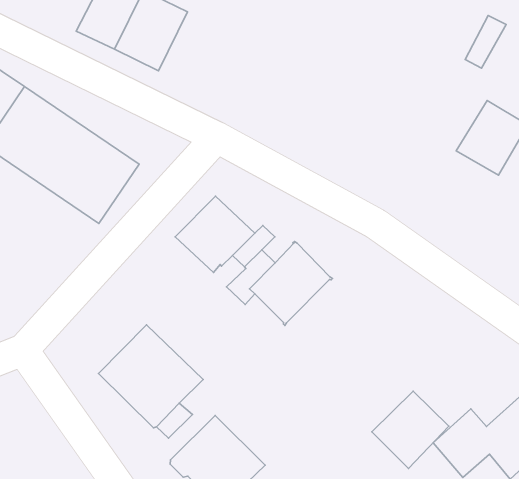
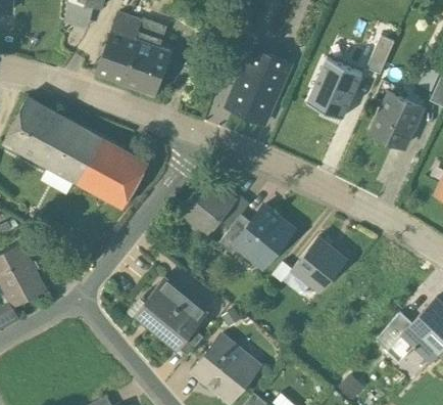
building: none -> [227,54,290,124]
building: none -> [306,57,363,119]
building: [372,391,449,468] -> [292,237,346,292]

